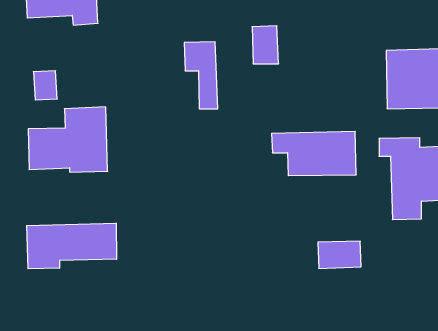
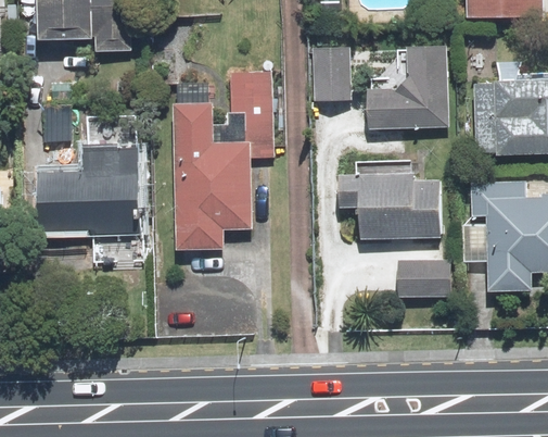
building: none -> [367,51,446,127]
building: none -> [175,109,248,245]
building: [27,223,117,269] -> none
building: [318,241,361,268] -> [397,261,450,295]

